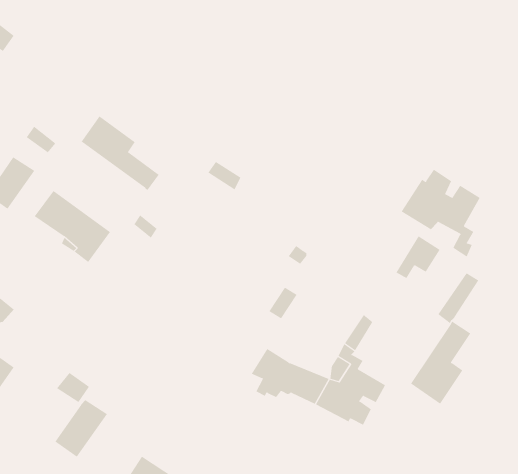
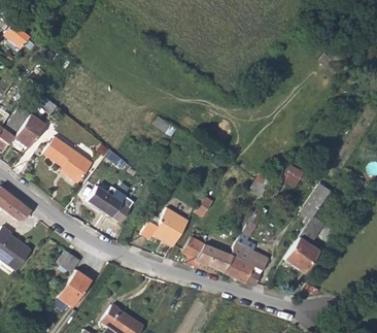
building: [81,115,159,191] -> none
building: [401,169,481,258] -> none
building: none -> [88,186,135,222]
building: none -> [142,208,190,246]

